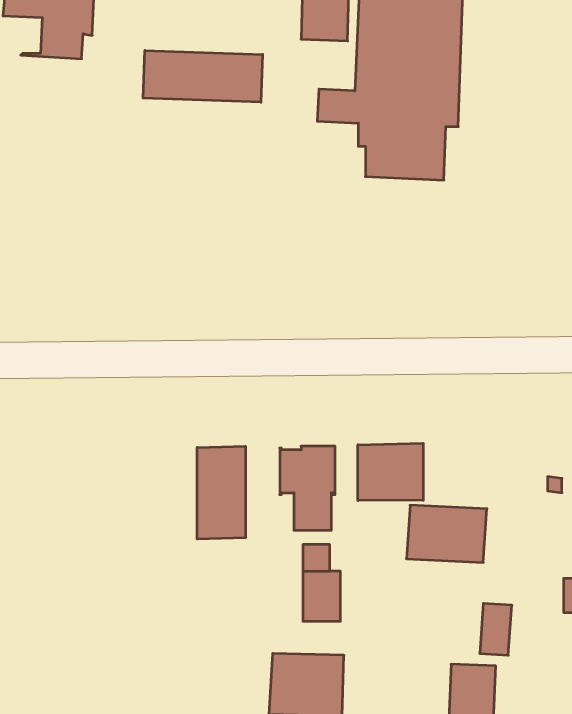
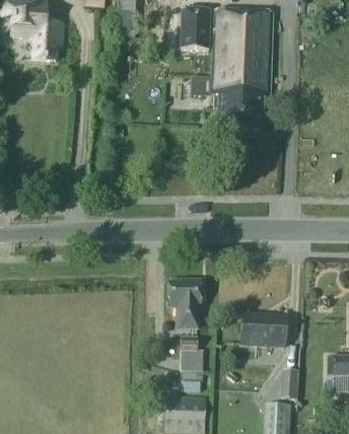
building: [143,50,263,102] -> none
building: [358,443,423,501] -> none
building: [197,446,245,539] -> none

